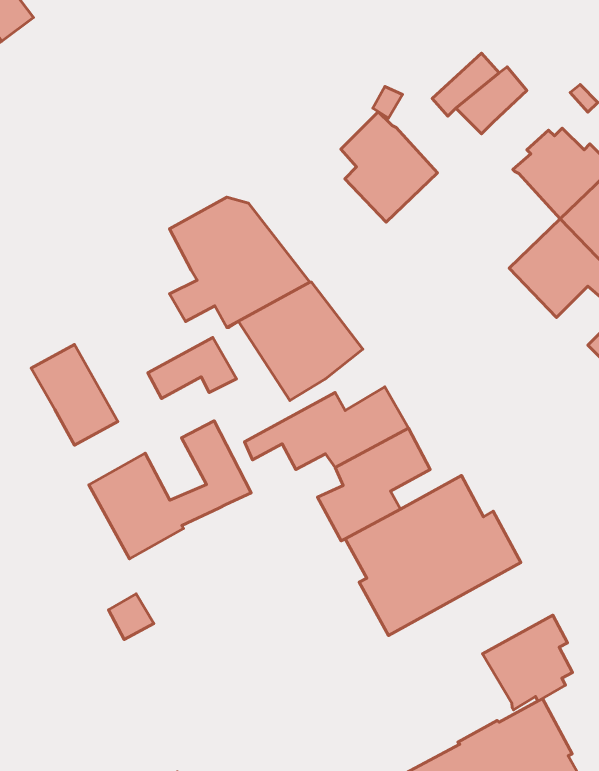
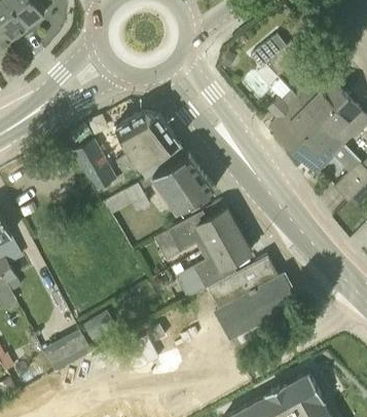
building: [341,112,437,222] -> [268,91,319,149]
building: [31,344,118,445] -> [71,141,116,193]
building: [89,421,251,559] -> none
building: [483,615,573,710] -> none
building: none -> [48,334,95,370]

